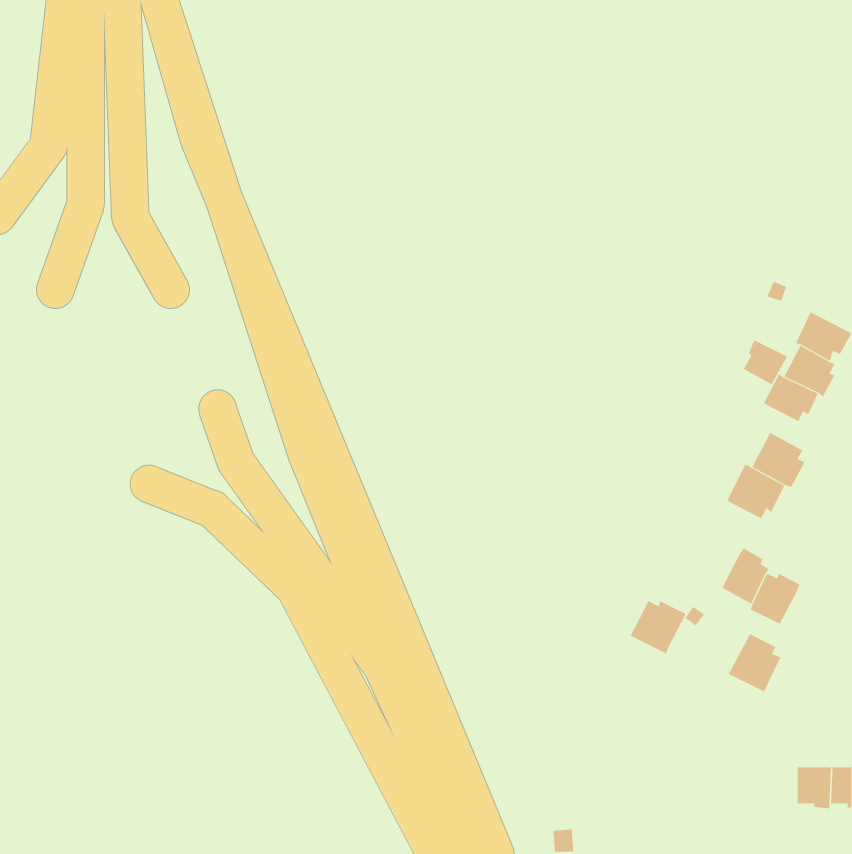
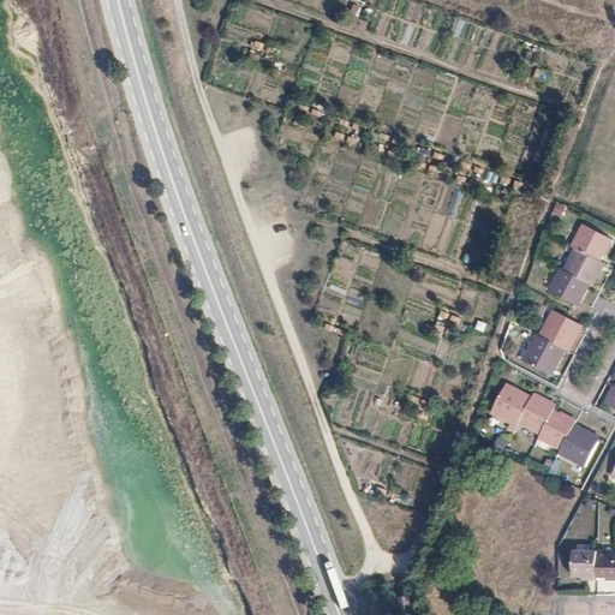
building: [743,339,788,385] -> none
building: [630,601,687,654] -> [490,387,531,425]
building: [728,634,781,692] -> [557,423,596,465]

